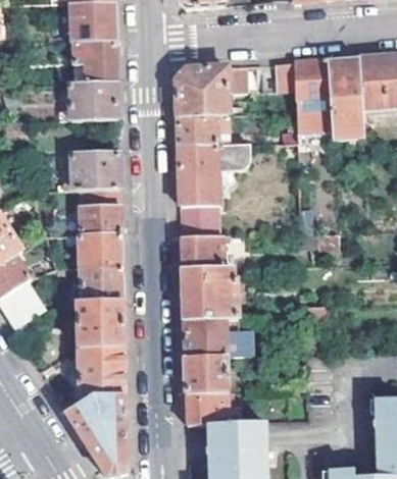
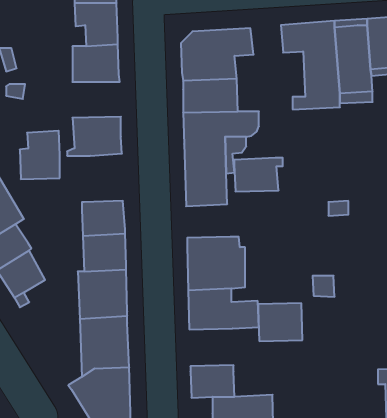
building: [81,187,119,233] -> [20,131,60,179]
building: [181,235,228,268] -> [234,158,283,191]
building: [184,356,227,392] -> [258,303,302,341]

